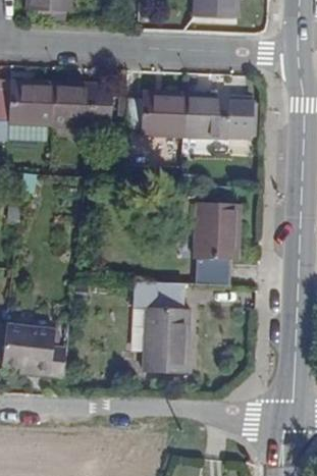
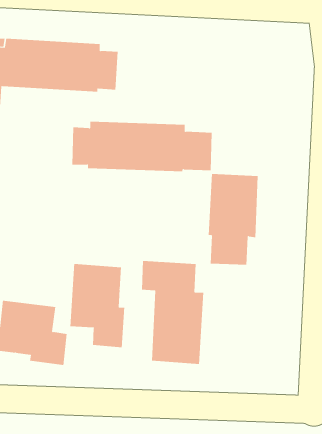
building: [126,93,254,139] -> [71,121,213,172]
building: none -> [70,263,125,348]

